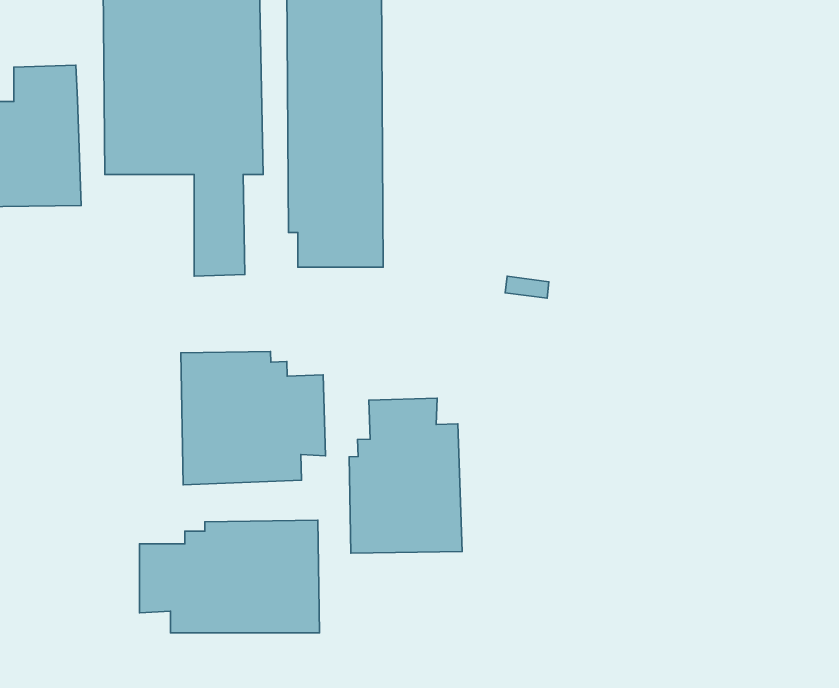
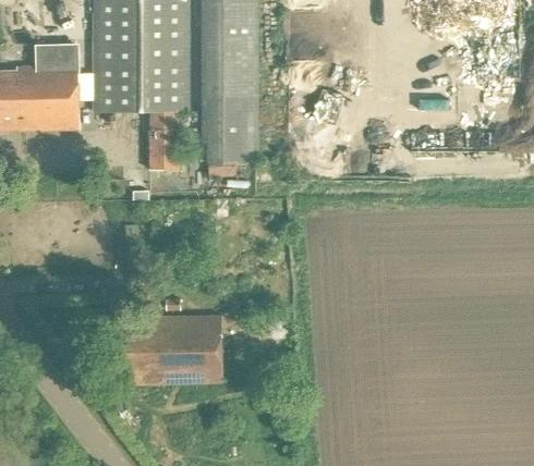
building: [181,351,325,485] -> none
building: [349,398,462,553] -> none

